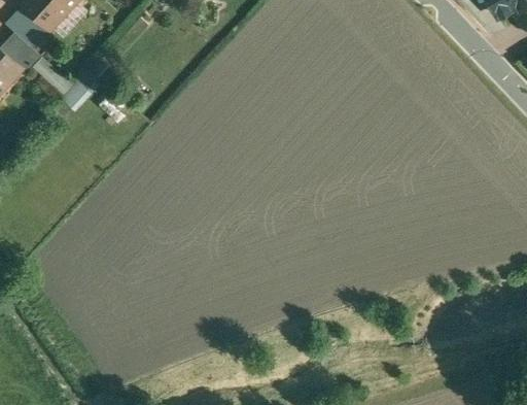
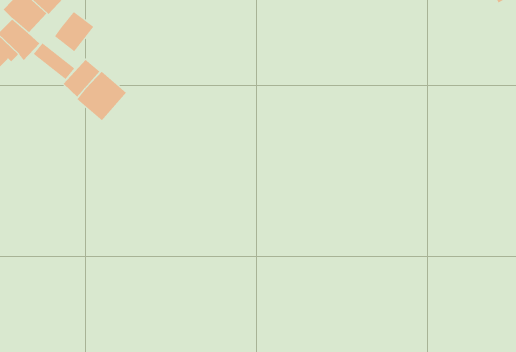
building: none -> [54,11,94,52]
building: none -> [76,71,127,121]

